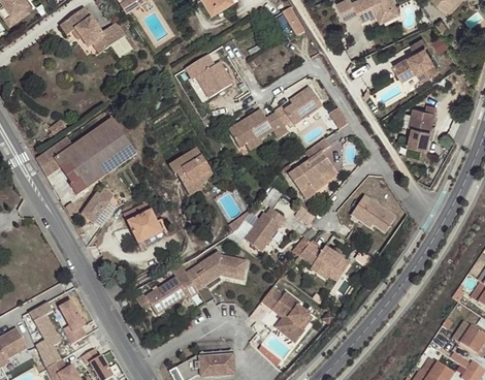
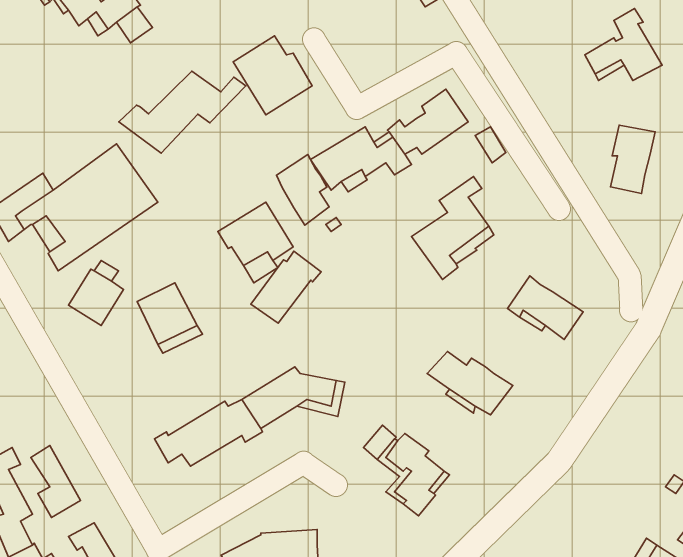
building: none -> [119,71,246,153]
building: none -> [277,154,329,225]
building: [244,205,286,249] -> [251,251,321,323]

